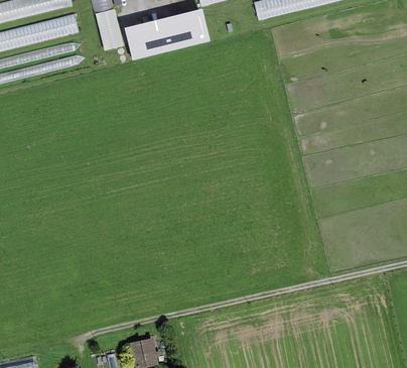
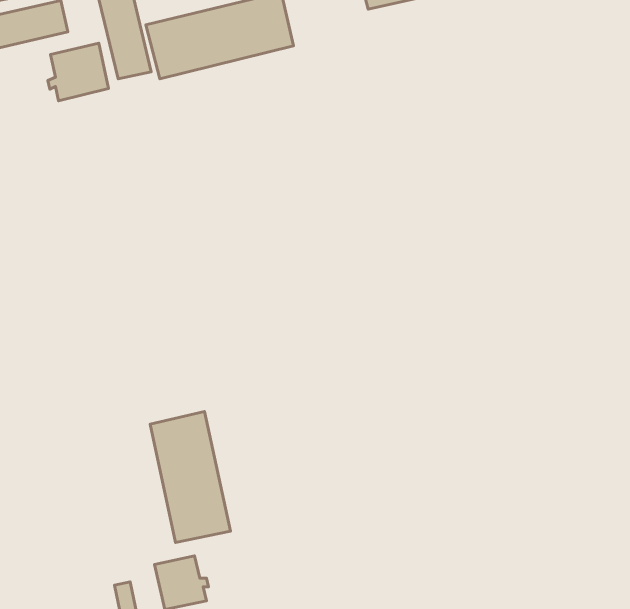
building: none -> [48,43,109,101]
building: none -> [150,412,231,542]

